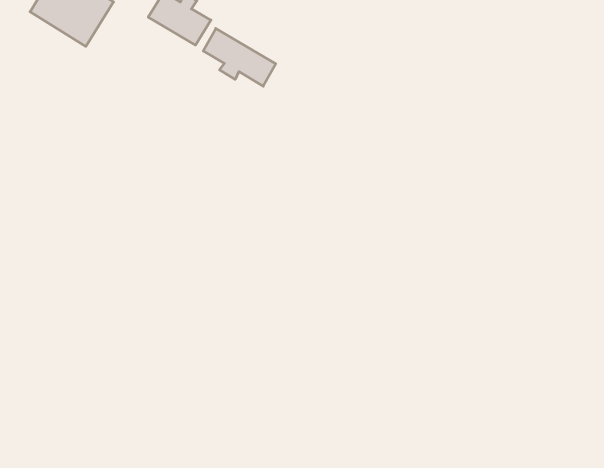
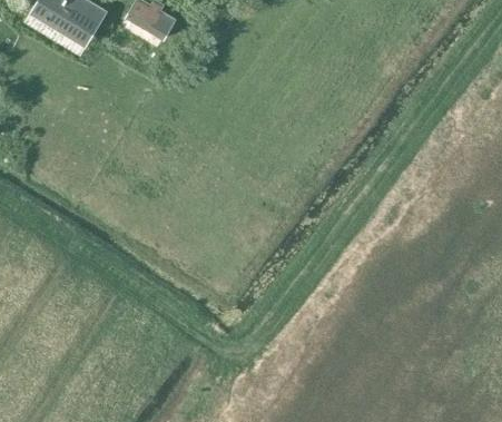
building: [203,28,276,86] -> none

